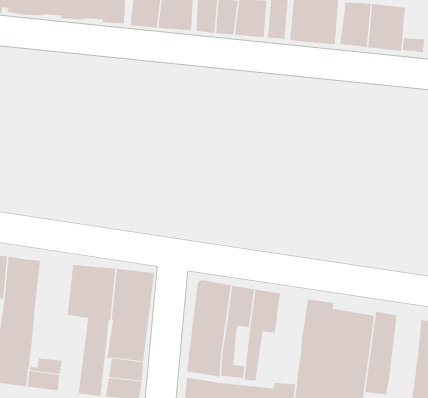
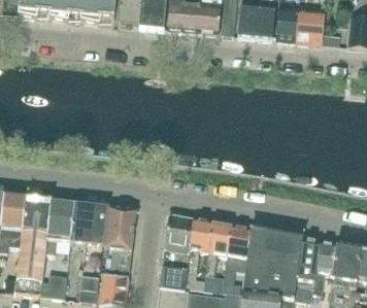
building: none -> [45,200,74,252]
building: none -> [222,225,251,293]
building: none -> [312,241,336,292]

